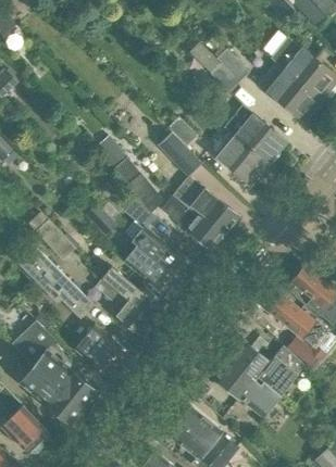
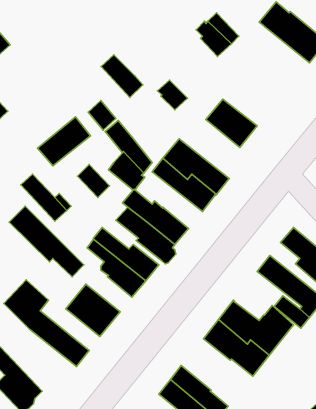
building: [257,62,321,121] -> none
building: [224,105,286,163] -> none
building: [157,132,199,176] -> [101,55,143,98]
building: none -> [38,117,91,166]
building: [20,366,84,424] -> none

